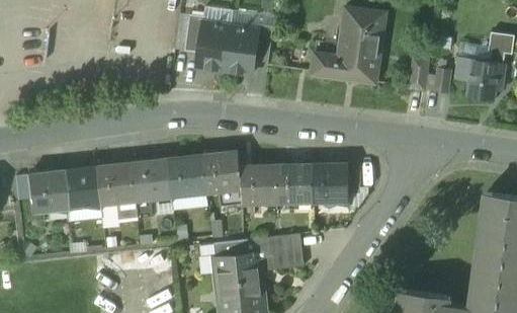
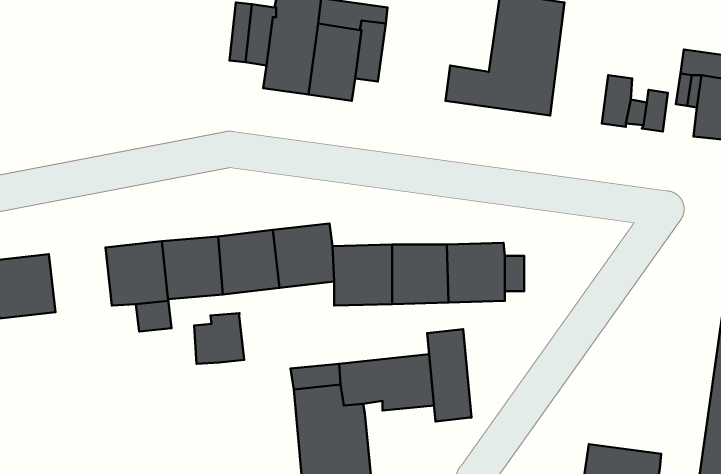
building: [62,166,101,207] -> none
building: none -> [194,313,244,364]
building: none -> [427,329,471,421]

